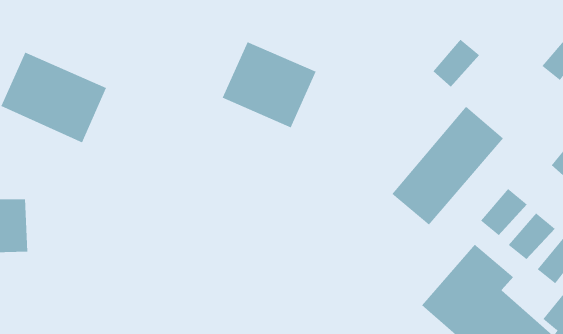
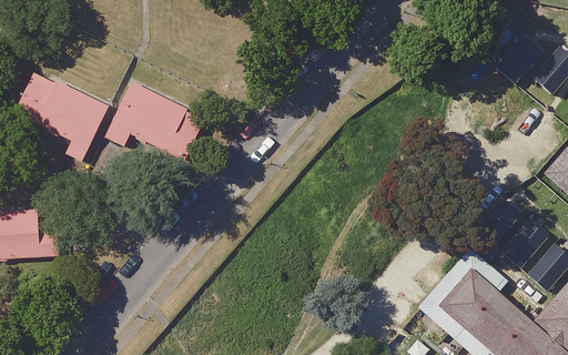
building: [432,39,480,88] -> [496,37,541,83]
building: [222,41,316,128] -> [111,82,202,165]
building: [392,106,504,225] -> none

